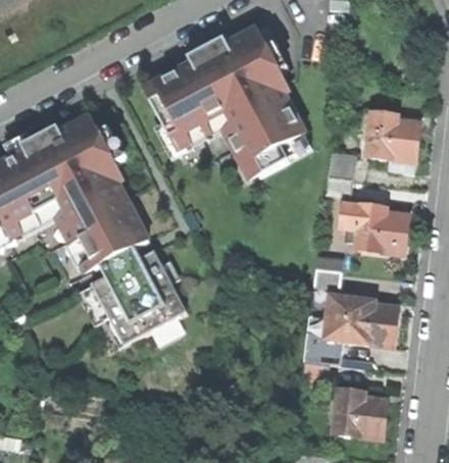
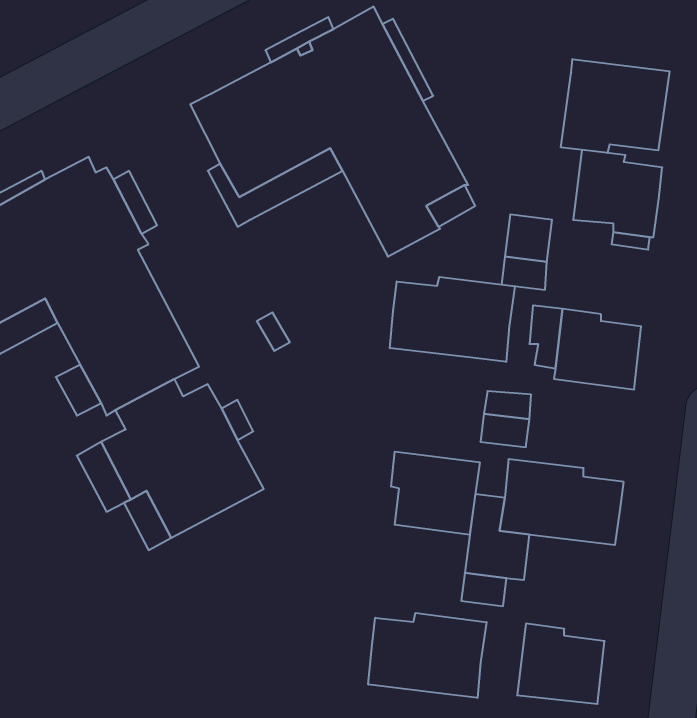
building: none -> [561,59,670,153]
building: none -> [390,277,515,362]
building: none -> [391,452,480,535]
building: none -> [368,613,487,698]

